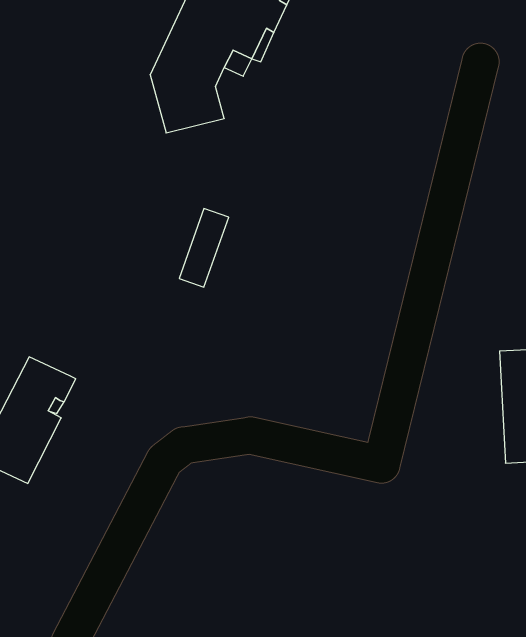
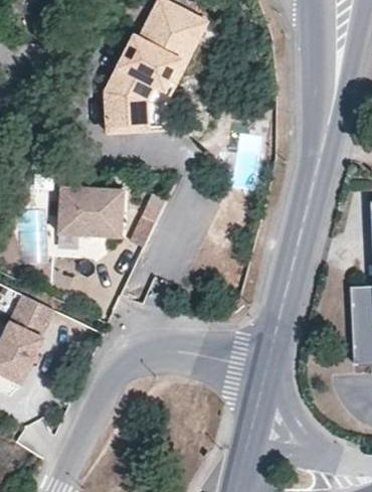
building: none -> [56,187,125,238]

